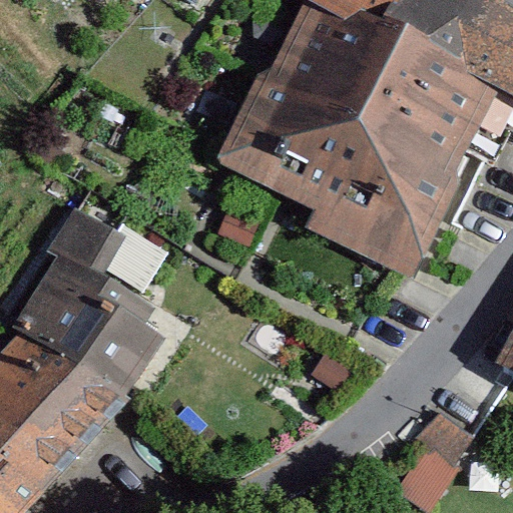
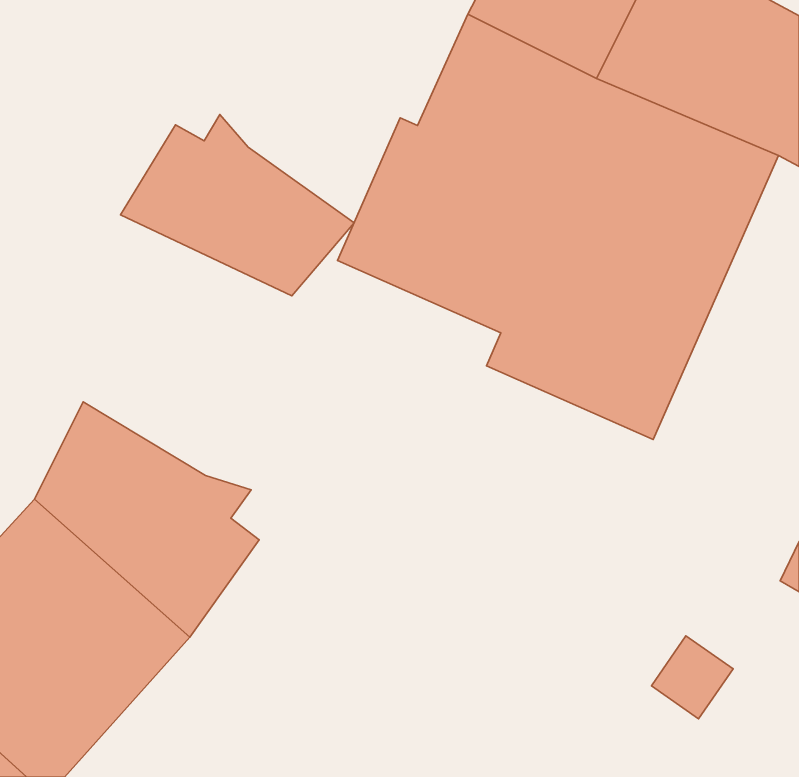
building: none -> [121,114,354,296]
building: [45,199,162,304] -> none

